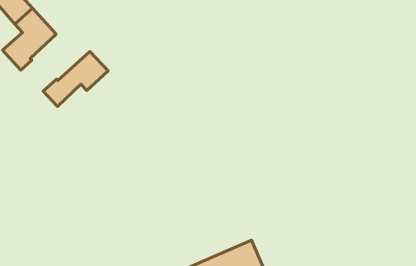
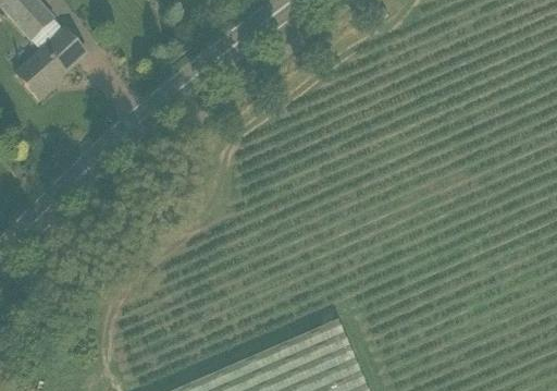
building: [43,51,108,106] -> none

